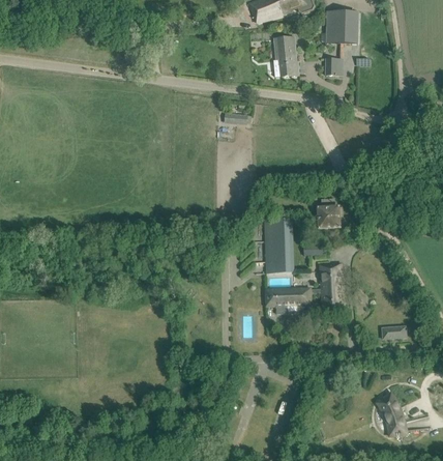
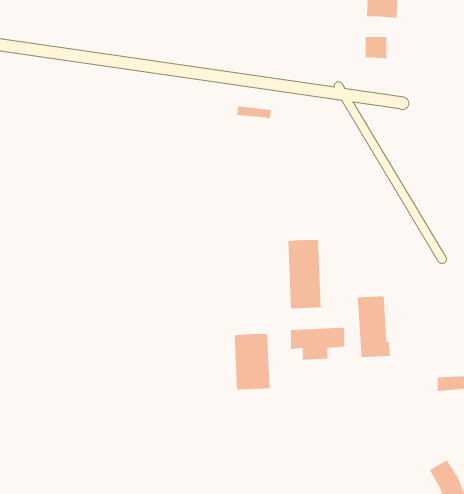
building: [273,35,299,77] -> none
building: [319,198,339,228] -> none
building: none -> [231,333,270,391]

